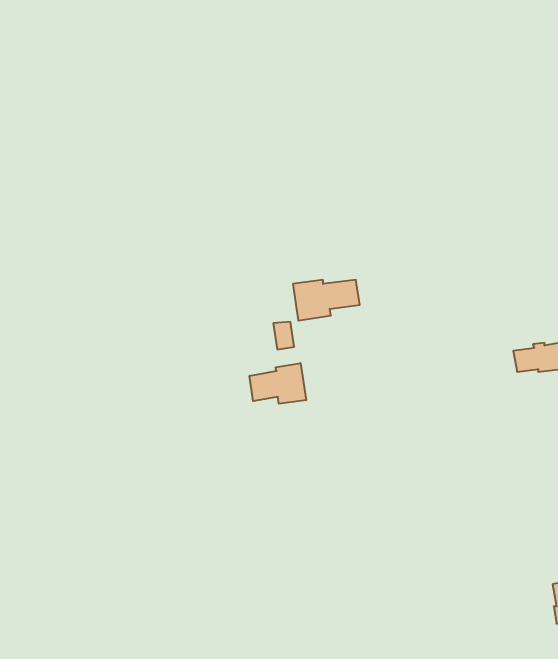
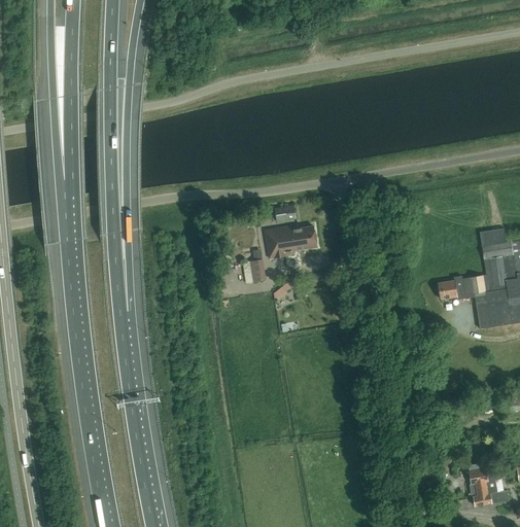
building: [250,363,306,404] -> none

